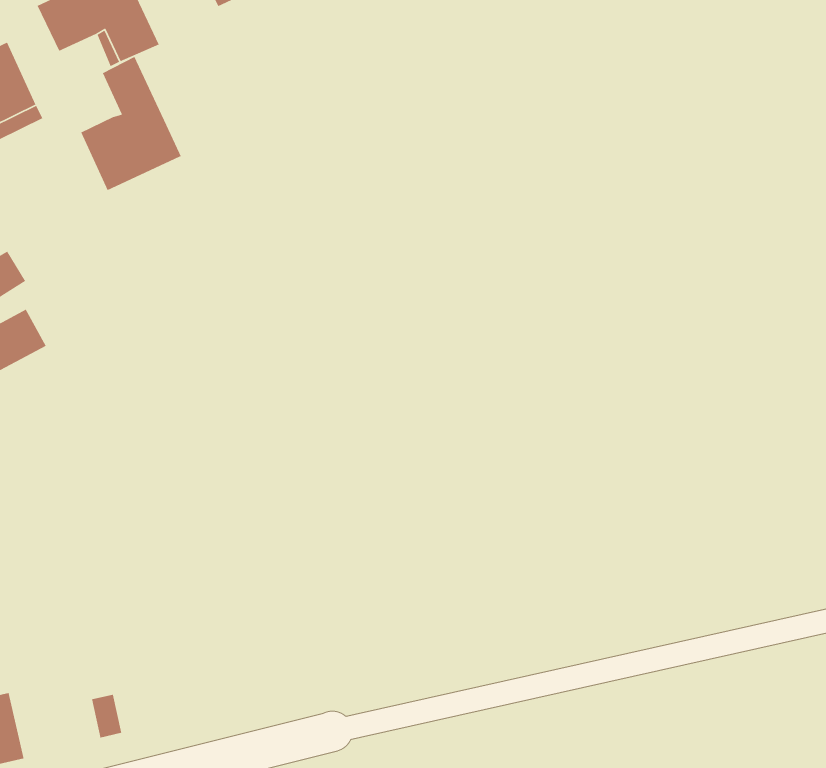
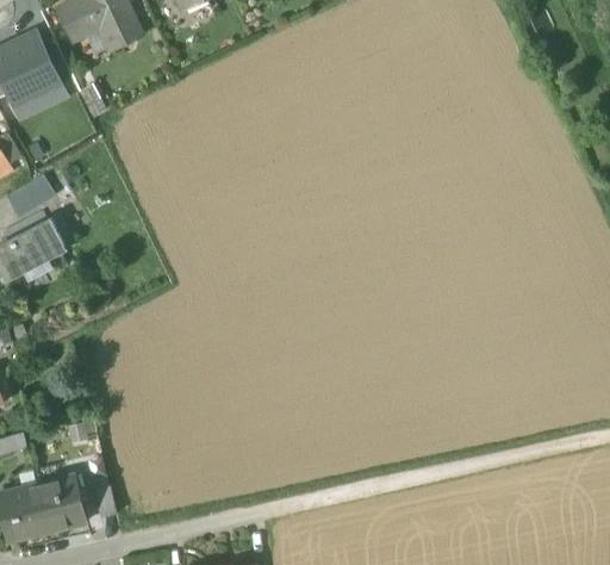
building: [80,56,182,191] -> none
building: none -> [37,477,86,533]

